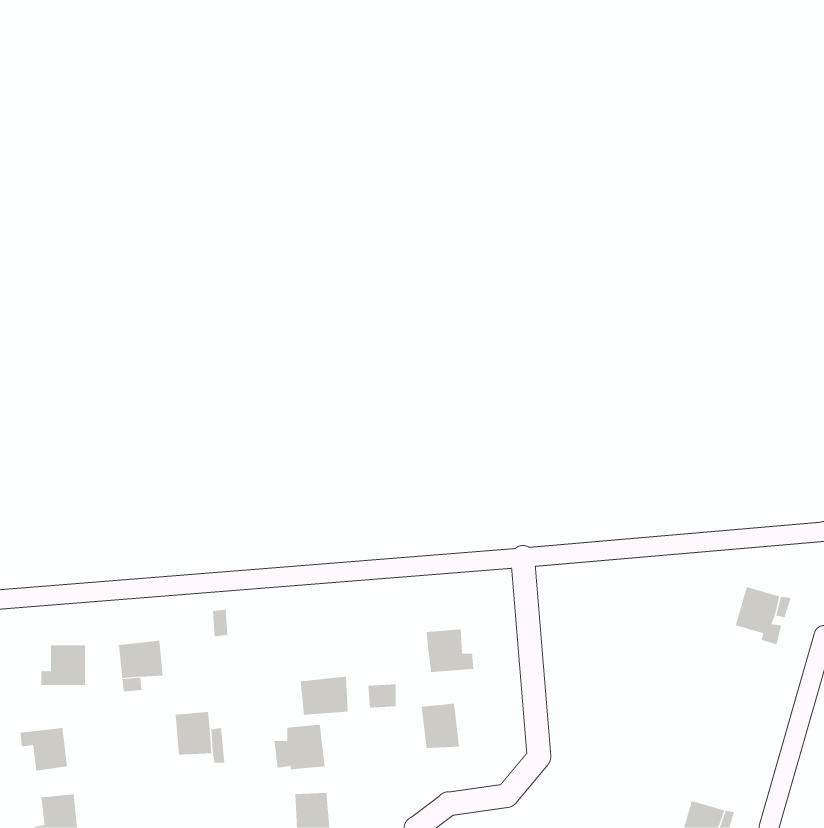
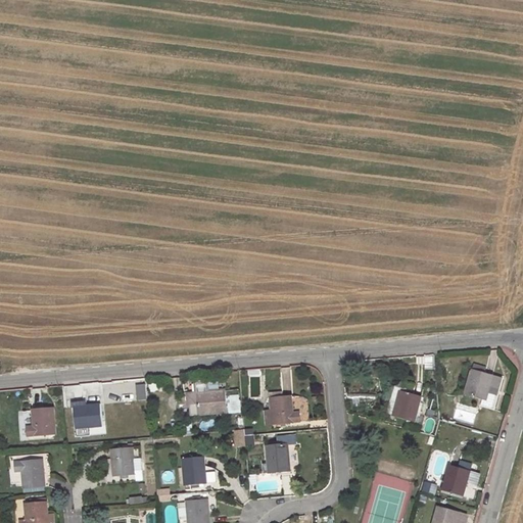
building: none -> [387,389,417,420]
building: [300,676,348,715] -> [195,390,226,415]
building: none -> [440,465,469,496]

